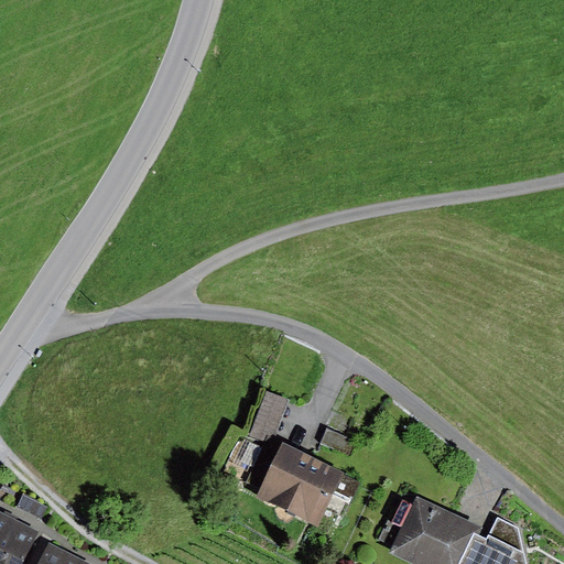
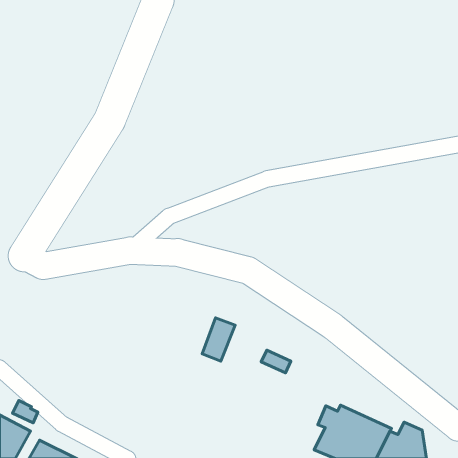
building: [246,442,360,528] -> none

